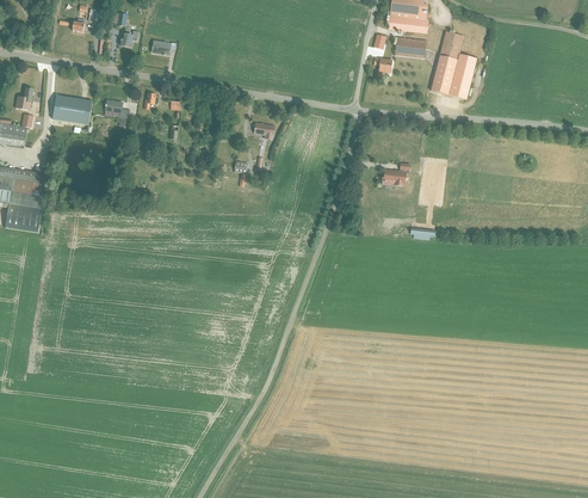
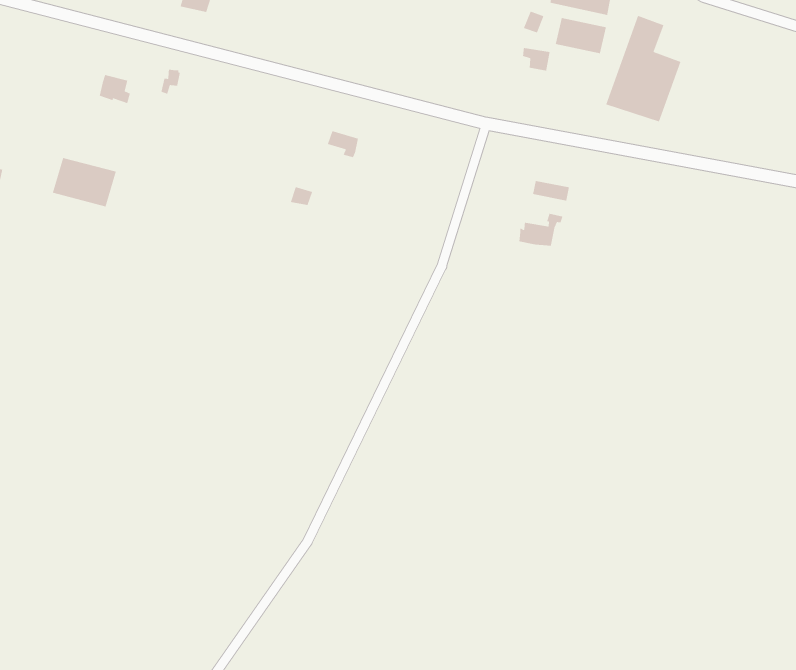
building: [51,94,92,124] -> [52,157,117,207]

